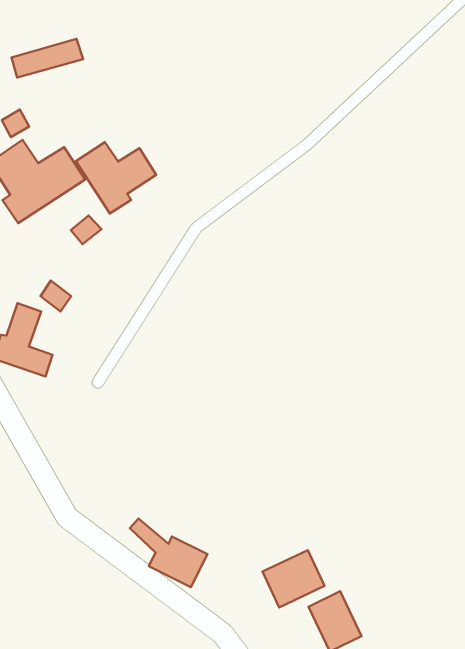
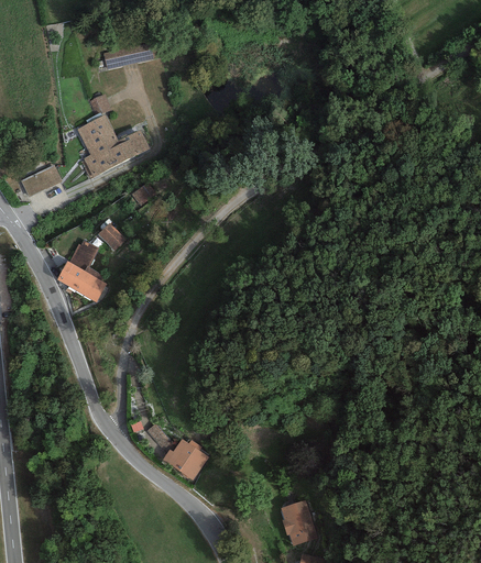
building: [76,142,156,213] -> none
building: [263,550,325,607] -> none

